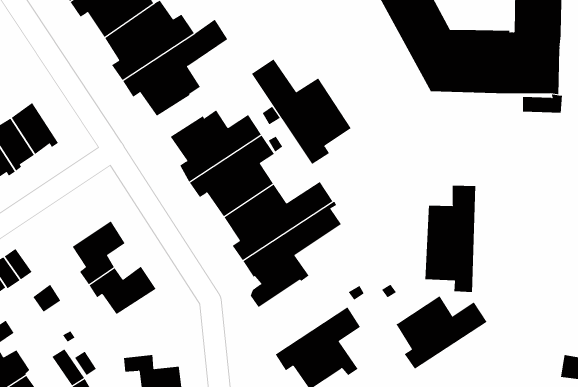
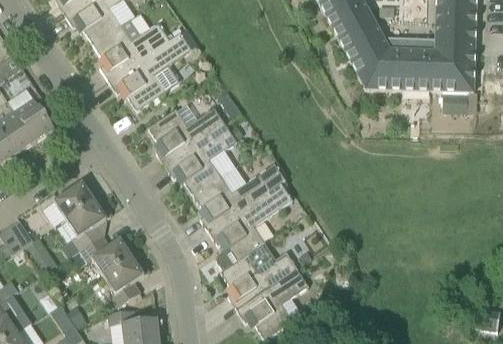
building: [251,58,351,165] -> none
building: [425,185,476,293] -> none
building: none -> [53,179,99,219]
building: none -> [103,254,149,307]
building: [396,296,487,370] -> [220,247,297,309]

